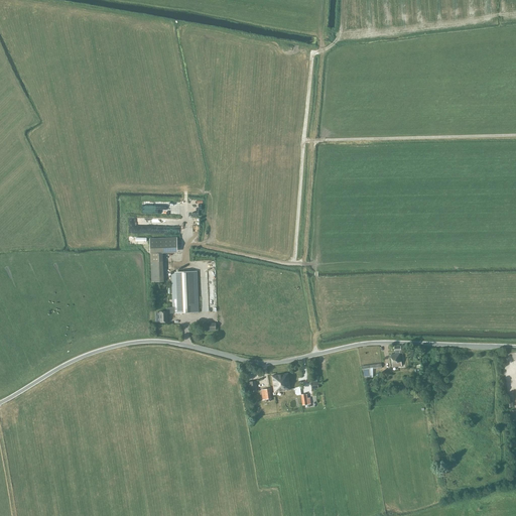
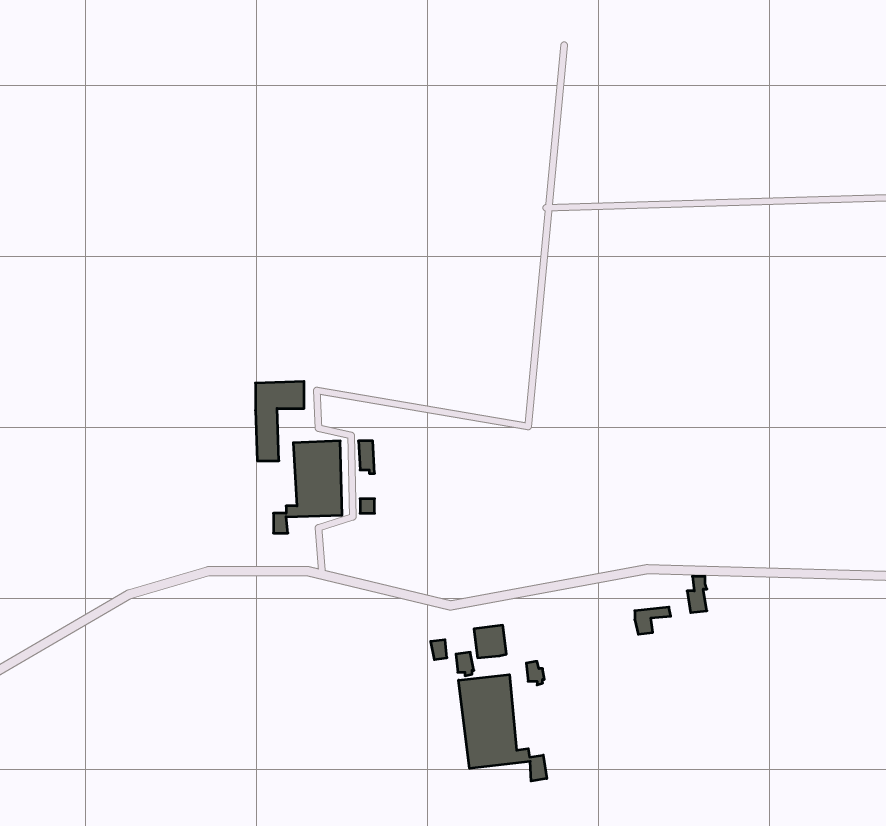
building: none -> [459,675,547,781]

